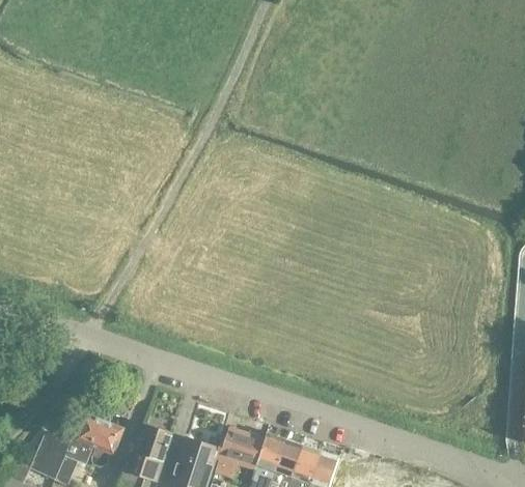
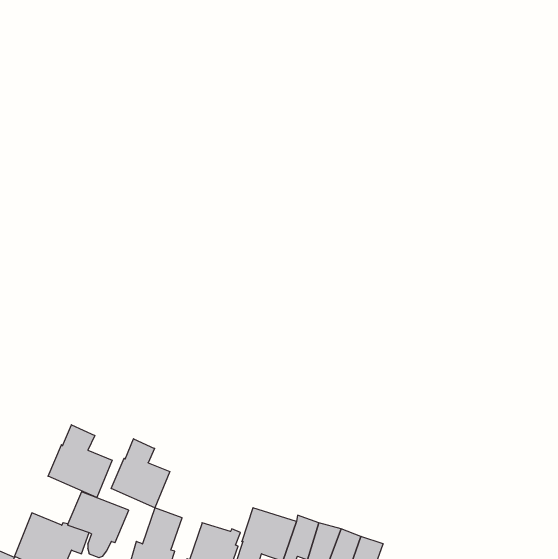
building: none -> [48,425,112,498]
building: none -> [111,439,170,508]

